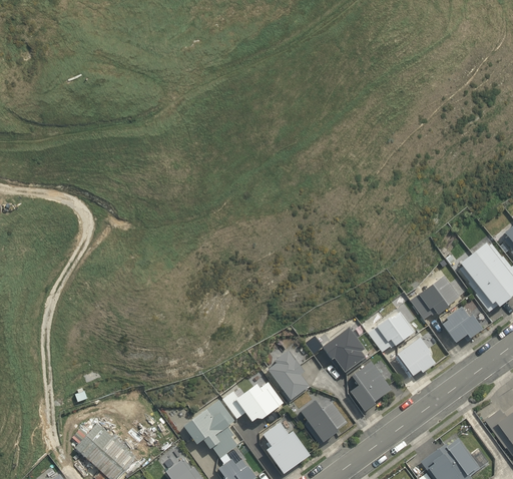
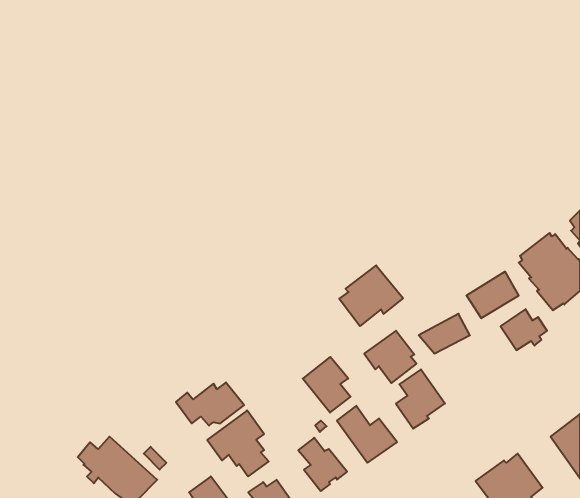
building: none -> [339,265,403,326]
building: [398,339,437,377] -> none
building: [222,381,283,419] -> [176,382,244,426]

